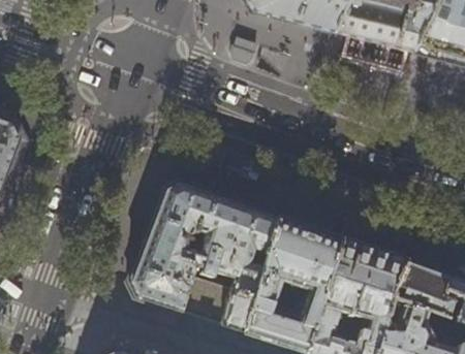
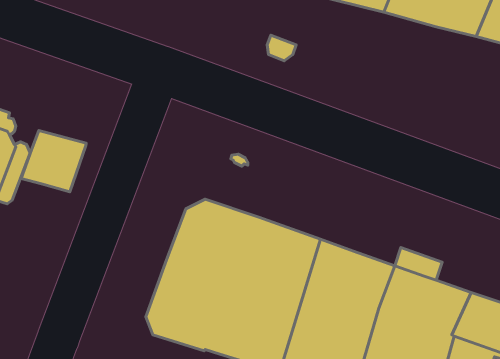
building: none -> [21,130,86,192]

